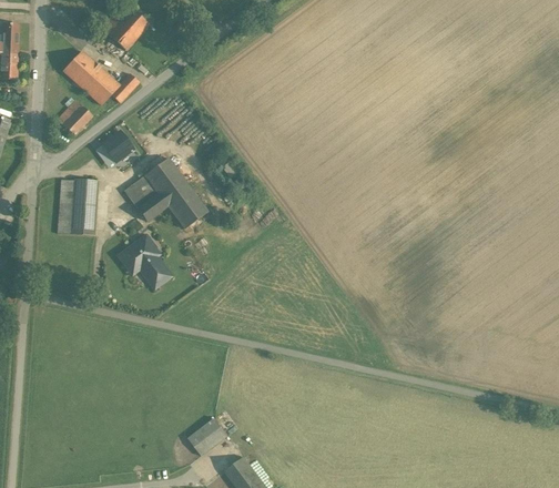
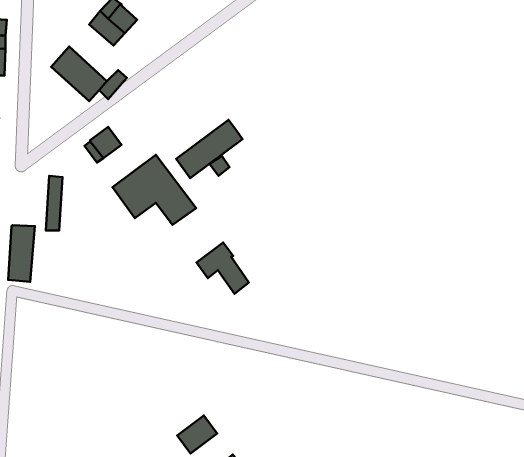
building: [57,99,92,134] -> none
building: none -> [176,120,242,178]
building: [71,179,98,235] -> [8,225,35,282]
building: [119,235,171,286] -> [197,242,249,294]

